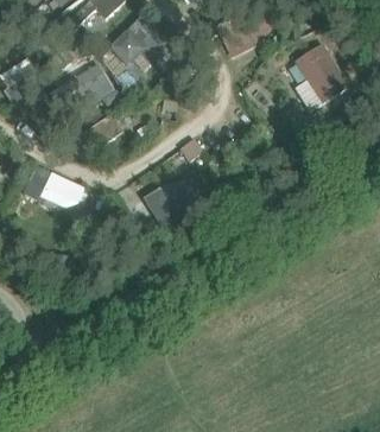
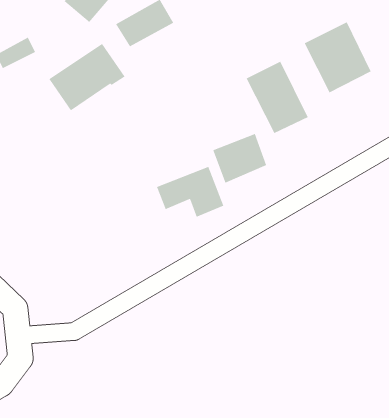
building: none -> [246,61,308,134]
building: none -> [212,133,267,183]
building: [21,165,86,205] -> none

